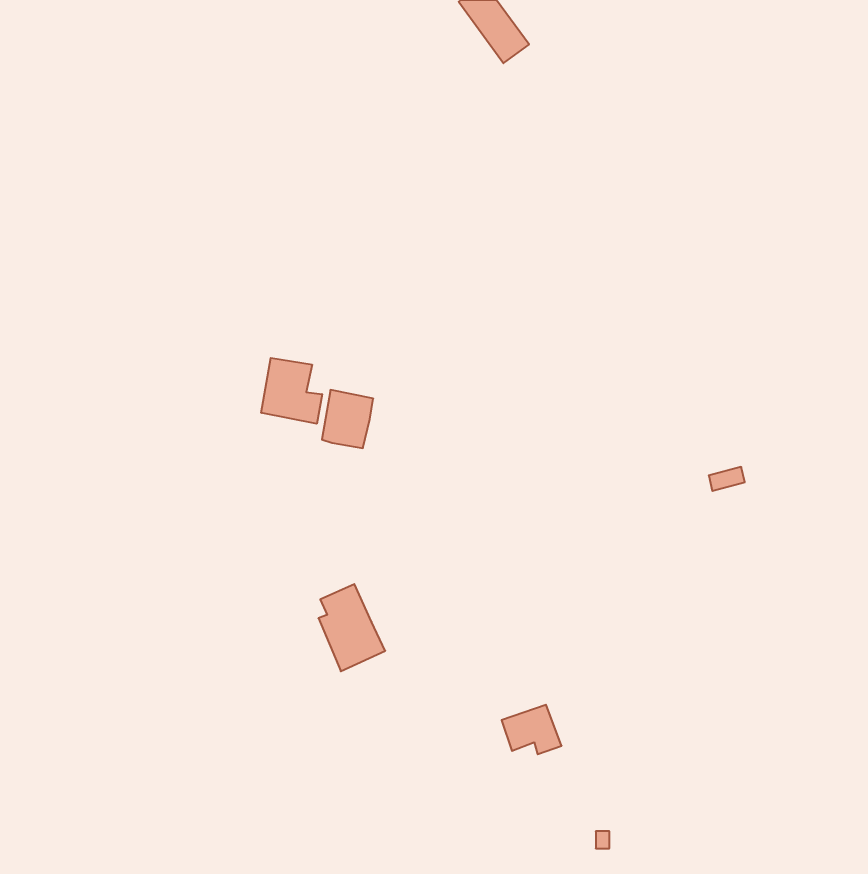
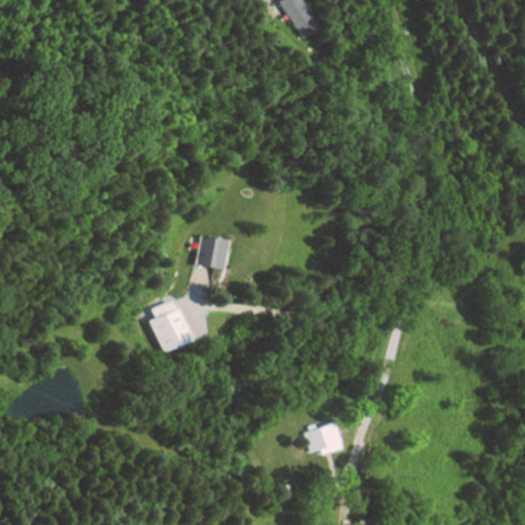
building: [261,358,322,424] -> none
building: [318,584,385,671] -> [155,299,195,352]

